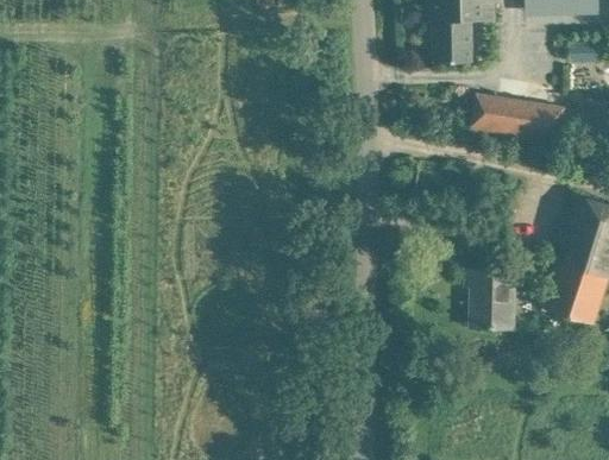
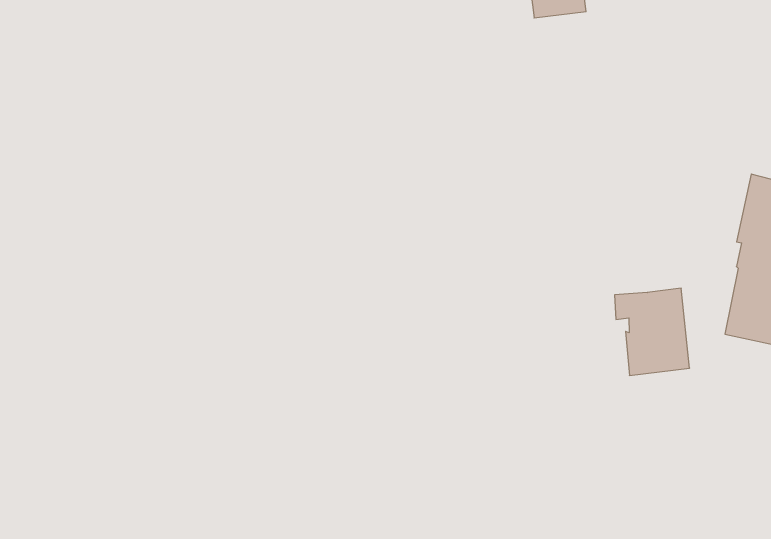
building: [472,92,566,146] -> none

